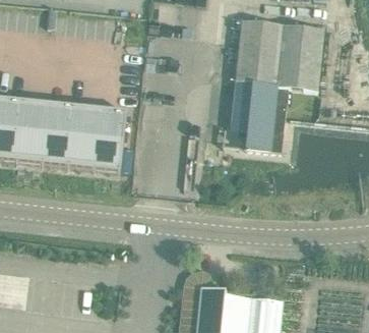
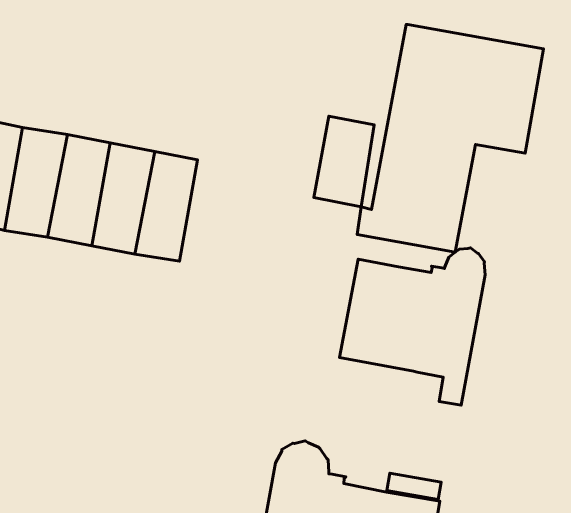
building: none -> [314,116,374,207]
building: none -> [339,248,485,405]

